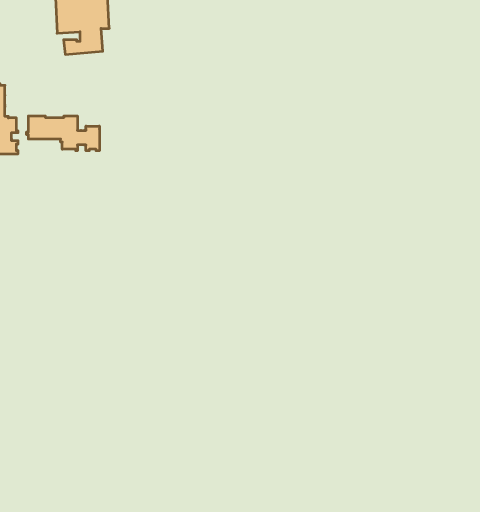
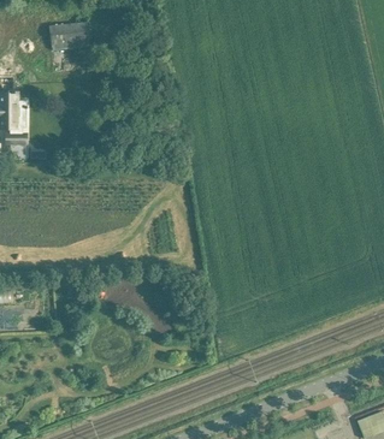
building: [27,116,99,151] -> none

